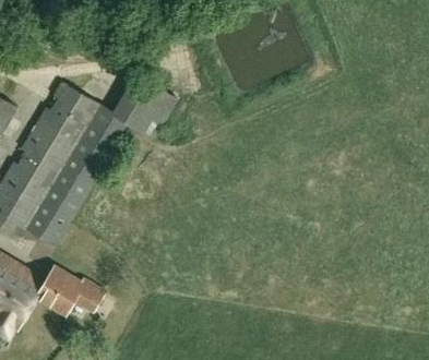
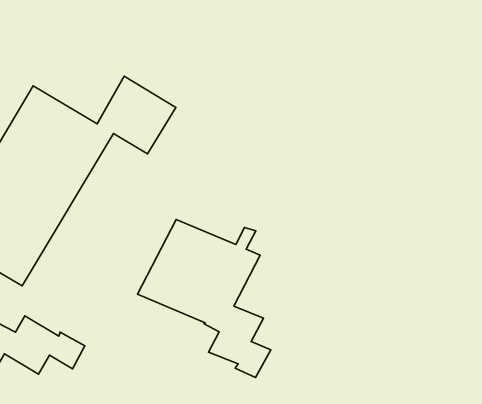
building: none -> [138,220,271,378]

